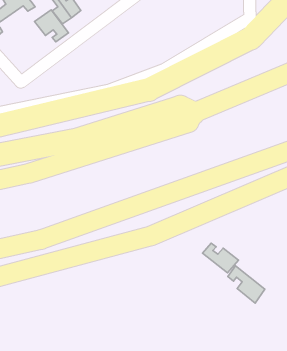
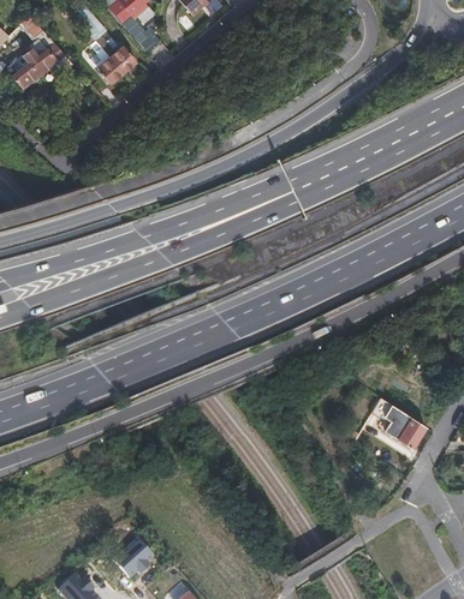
building: [35,10,68,42] -> none
building: [203,243,238,273] -> none

